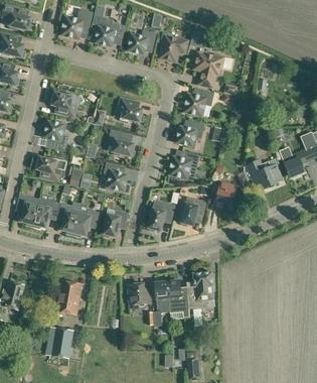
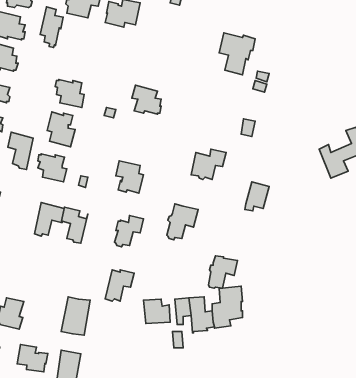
building: none -> [40,7,63,48]
building: [128,30,156,53] -> none
building: [159,32,188,57] -> none
building: [183,90,213,116] -> none
building: [176,120,204,148] -> none
building: [108,129,135,156] -> none
building: [244,159,283,188] -> none
building: [17,194,39,226] -> [8,132,33,169]
building: [181,197,206,225] -> [208,256,238,288]
building: [73,209,99,236] -> [105,270,134,301]
building: none -> [17,344,48,372]

